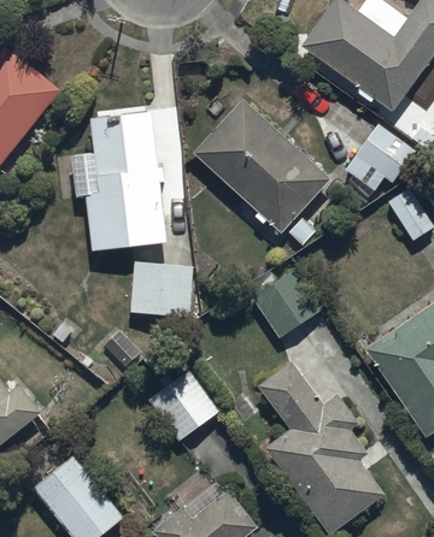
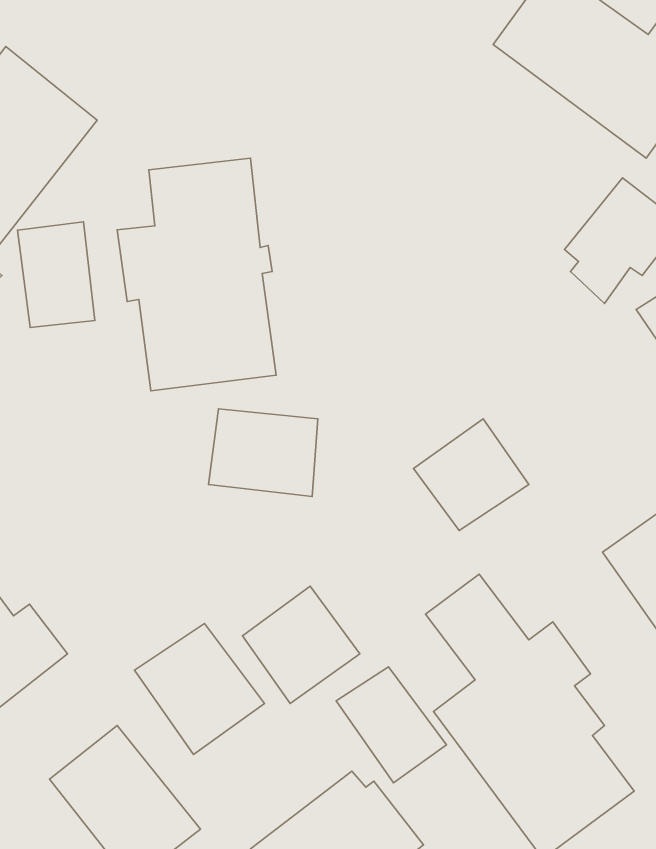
building: [193,98,334,247] -> none
building: none -> [18,222,95,327]
building: none -> [135,624,264,754]
building: none -> [336,667,446,783]

